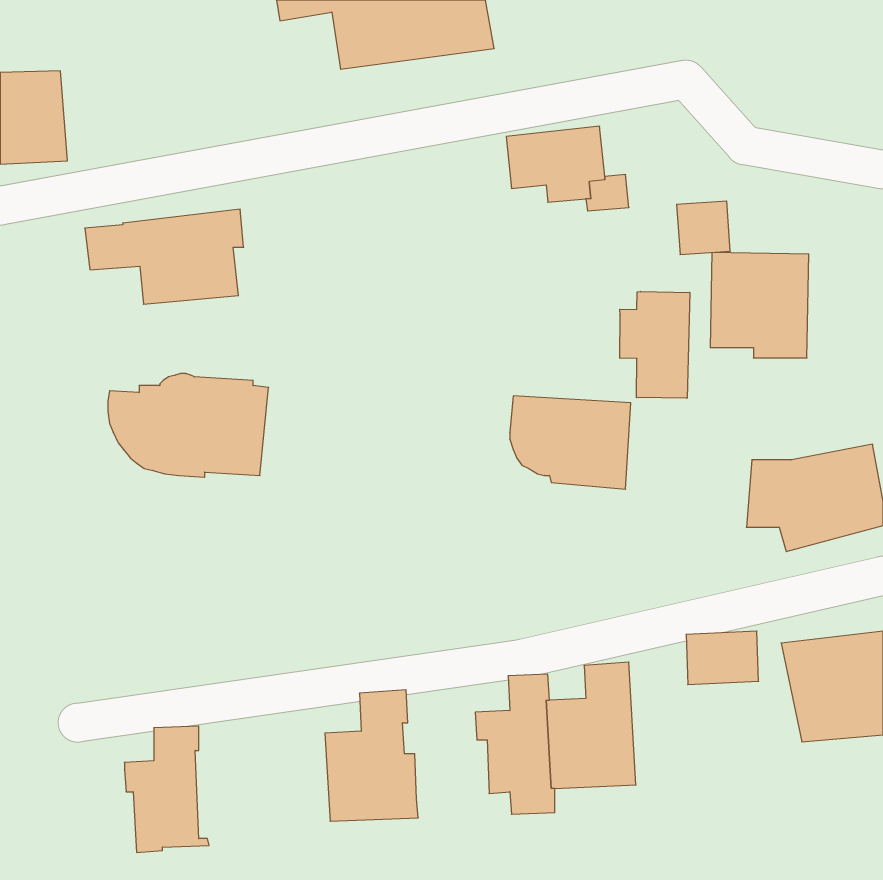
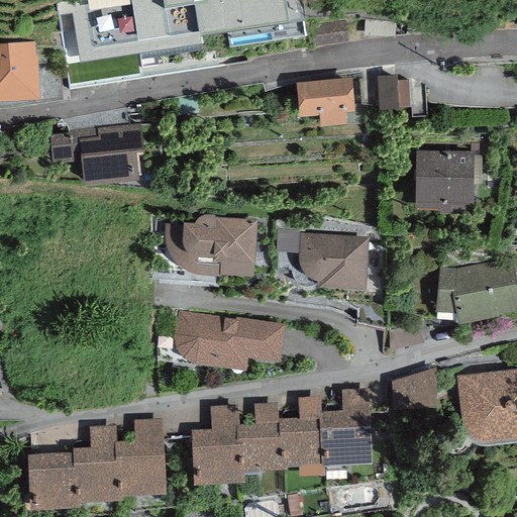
building: [677,201,730,255] -> [383,73,414,104]
building: [620,291,690,398] -> none
building: [108,374,269,477] -> [164,215,257,276]
building: none -> [181,319,293,372]
building: none -> [235,403,286,469]
building: none -> [114,419,166,492]
building: none -> [27,451,80,506]

